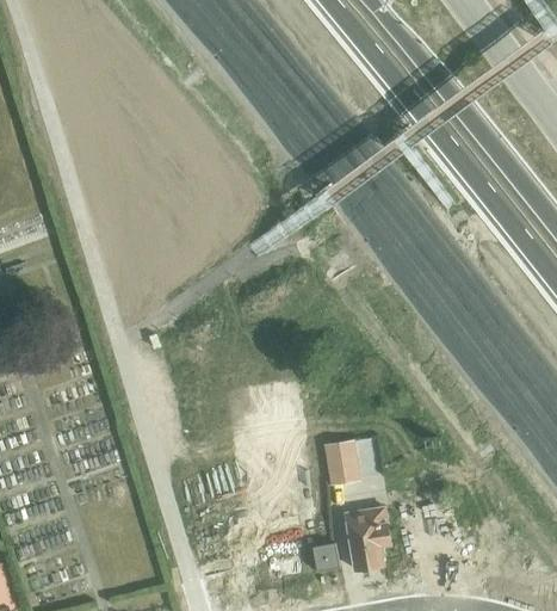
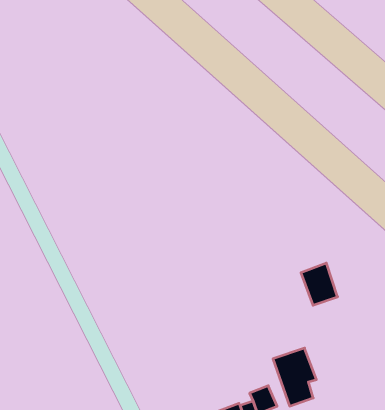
building: [323,439,360,485] -> [301,263,338,305]

